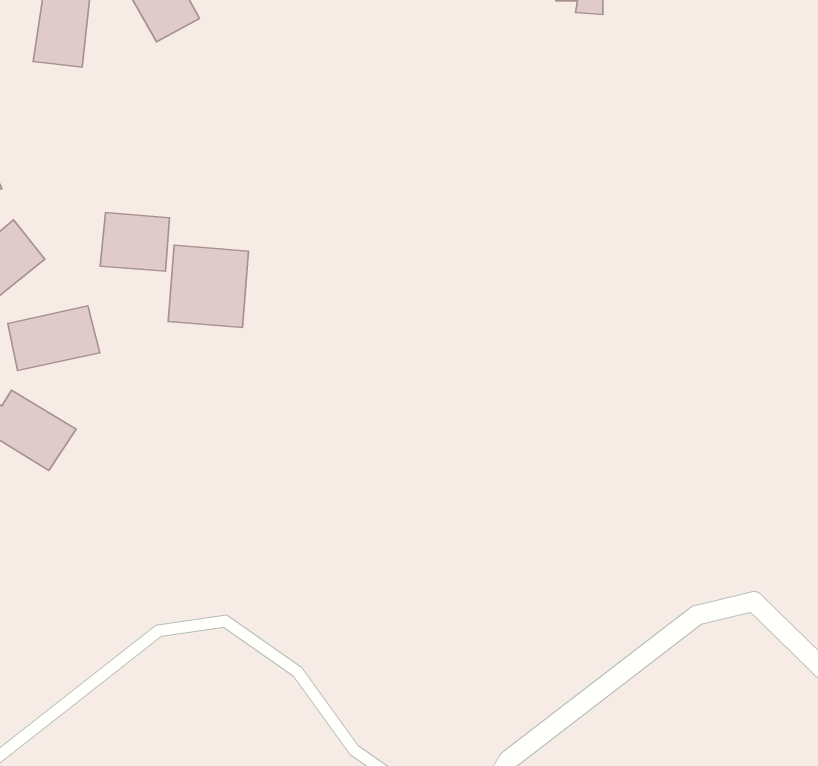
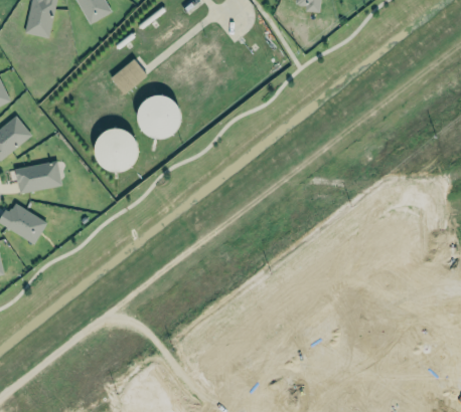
building: none -> [110,58,147,94]
building: none -> [138,96,177,137]
building: [100,213,169,271] -> none

